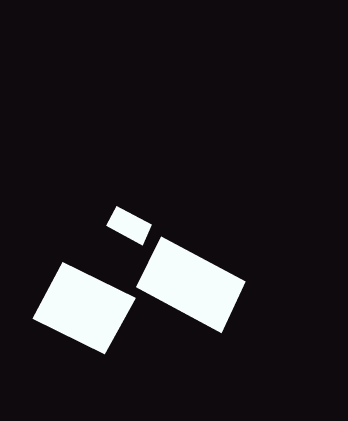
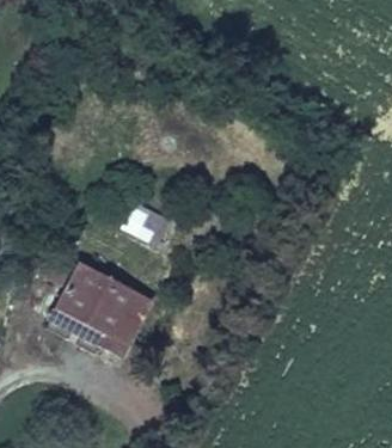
building: [135,236,247,334] -> none

